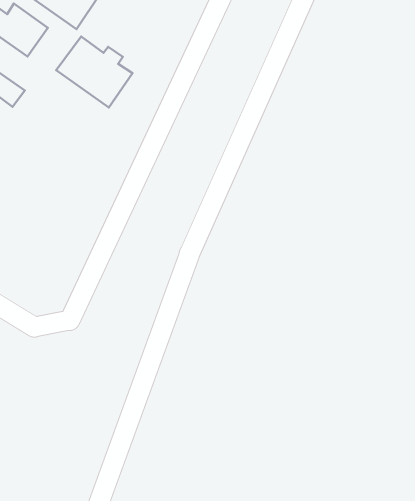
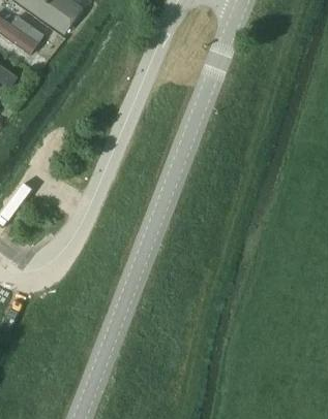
building: [56,36,133,107] -> none

